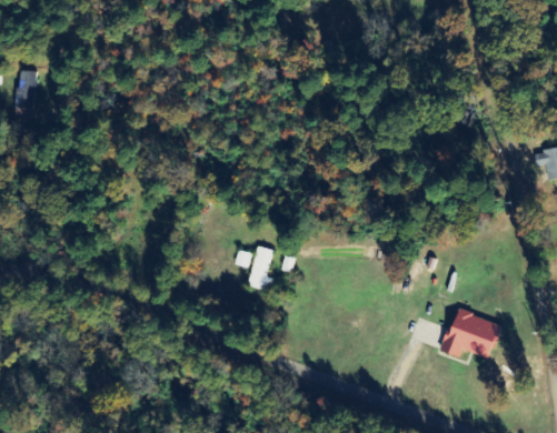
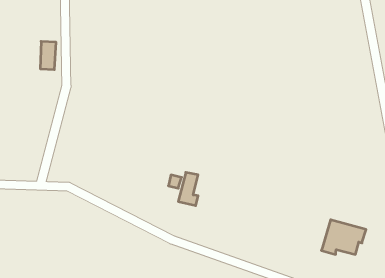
building: [14,70,36,108] -> [40,41,56,70]

